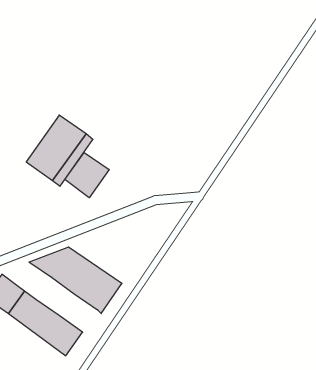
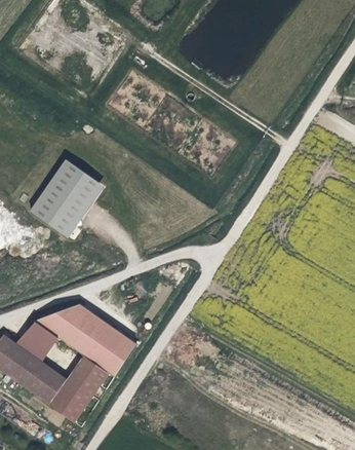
building: [65,153,109,198] -> none
building: none -> [21,322,58,361]
building: none -> [67,354,109,397]

